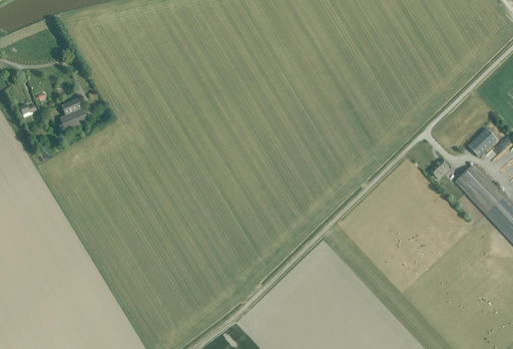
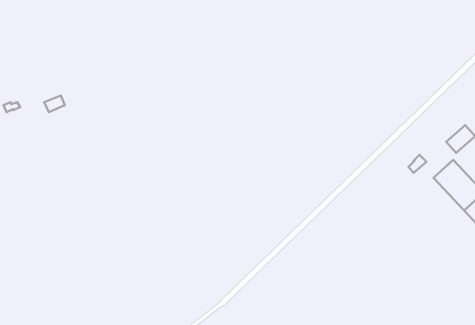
building: [59,107,88,131] -> none

